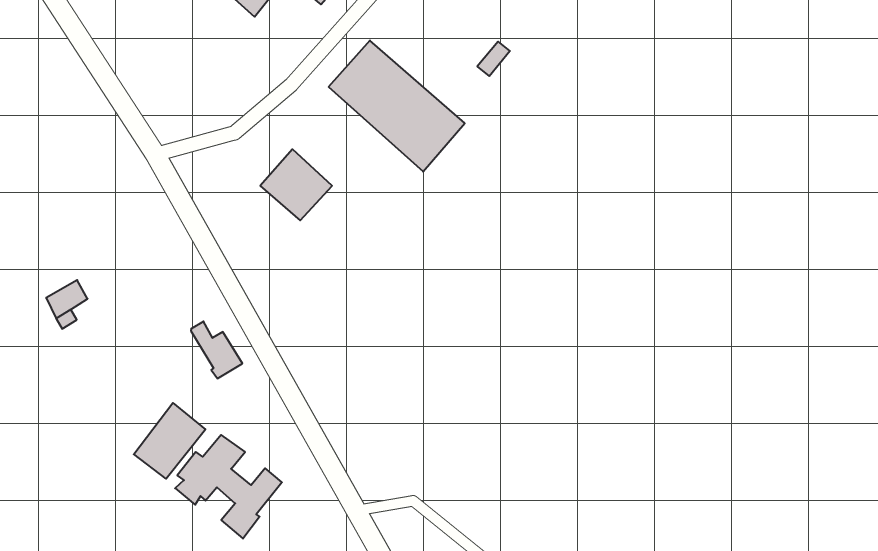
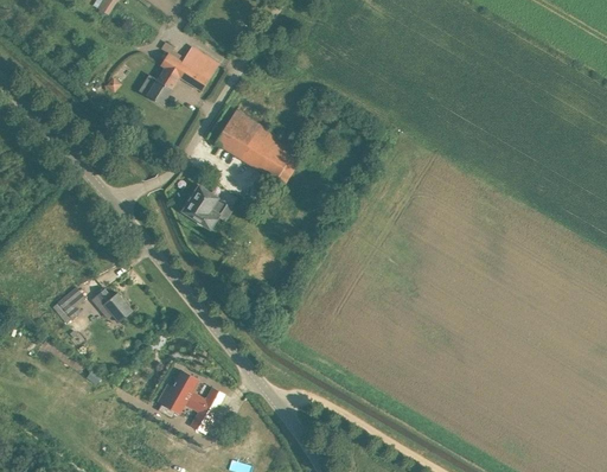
building: [191,321,242,378] -> [97,287,133,321]
building: [134,403,205,479] -> none

